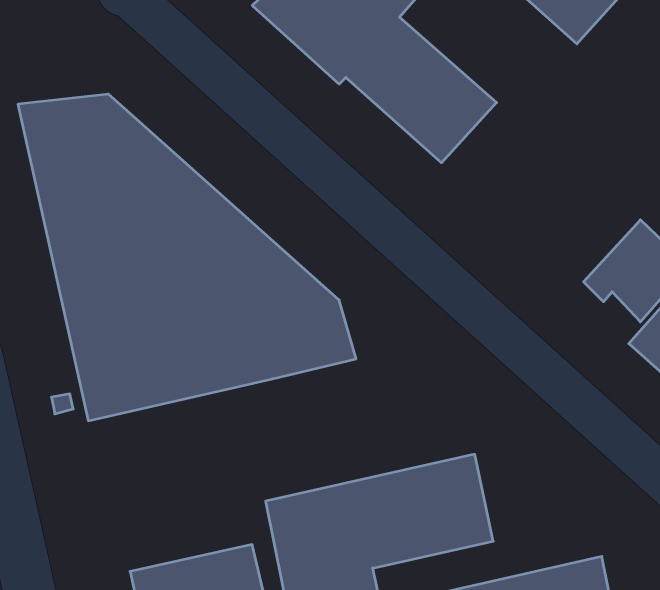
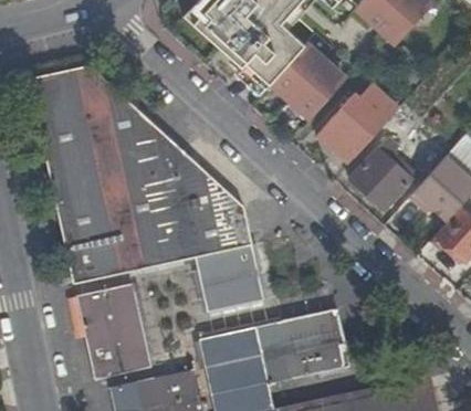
building: none -> [317,85,399,159]
building: none -> [349,148,412,210]
building: none -> [201,245,270,315]
building: none -> [72,284,147,379]

